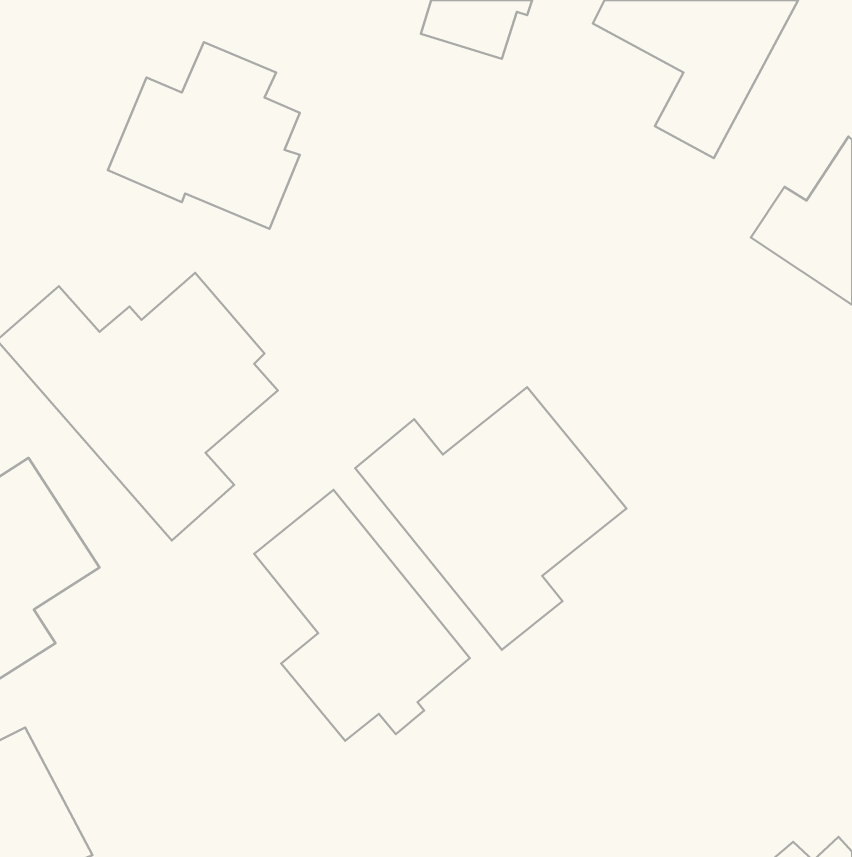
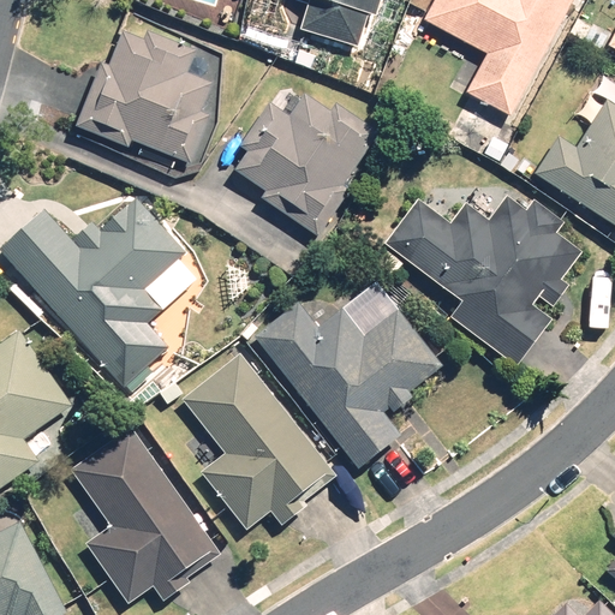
building: none -> [237,94,377,237]
building: none -> [386,196,581,364]
building: none -> [70,426,221,604]

